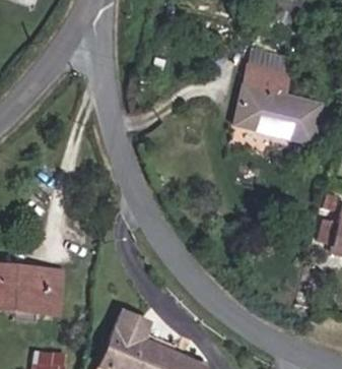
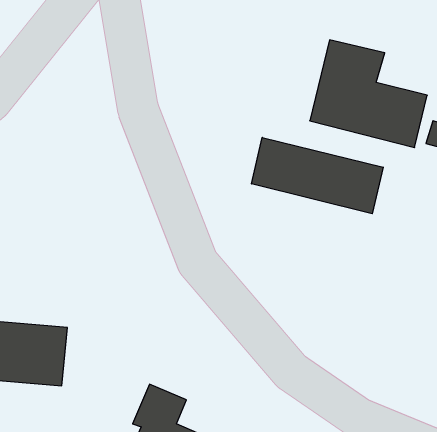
building: none -> [252,137,383,214]

